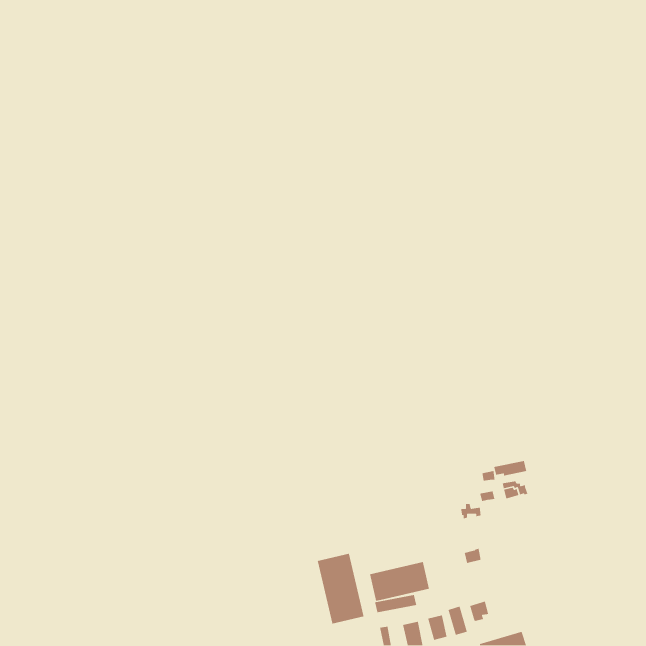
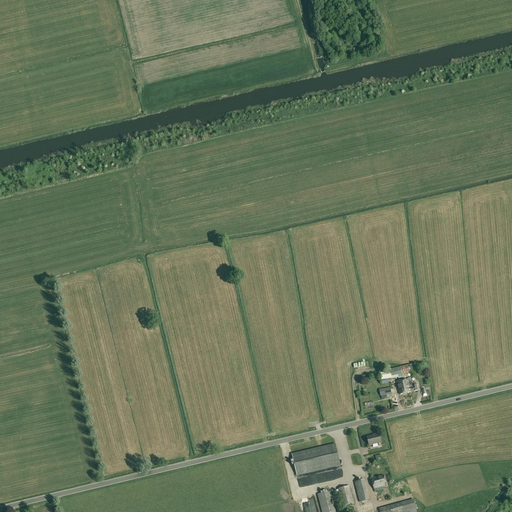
building: [317,553,364,625] -> none

